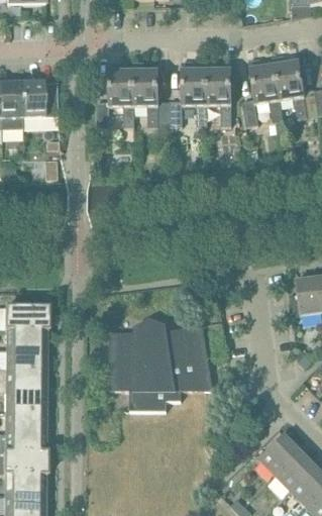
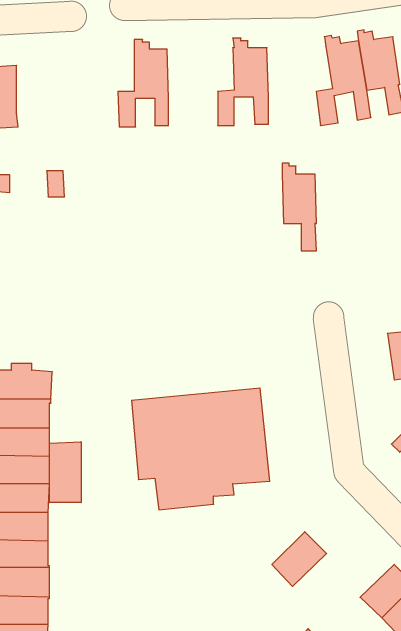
building: [206,61,231,125] -> [282,163,316,251]
building: [132,62,158,126] -> none
building: [21,82,57,117] -> none
building: none -> [49,442,81,503]
building: [259,434,300,475] -> [272,532,327,586]

